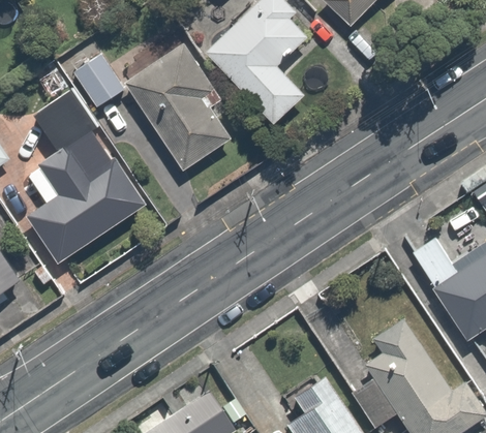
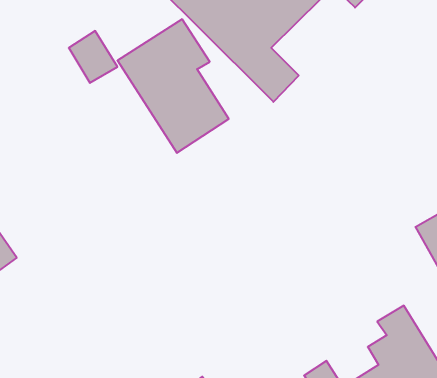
building: [25,92,148,266] -> none

